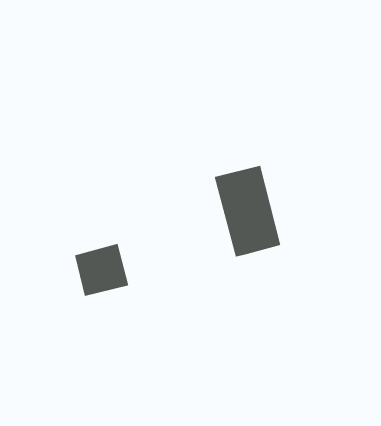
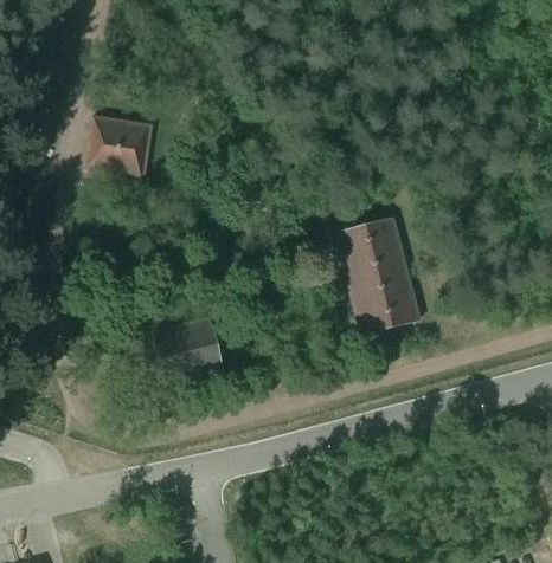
building: none -> [85,117,152,181]

